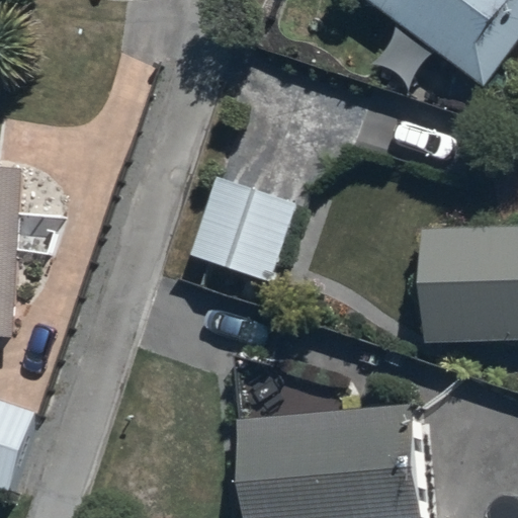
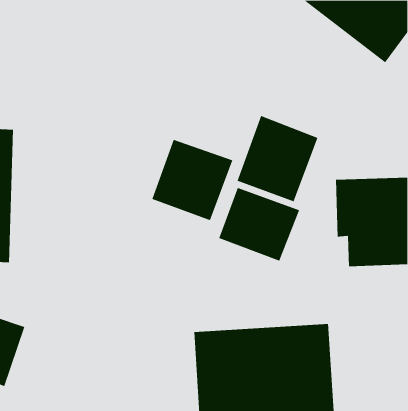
building: none -> [237,115,318,202]
building: none -> [219,187,300,261]

